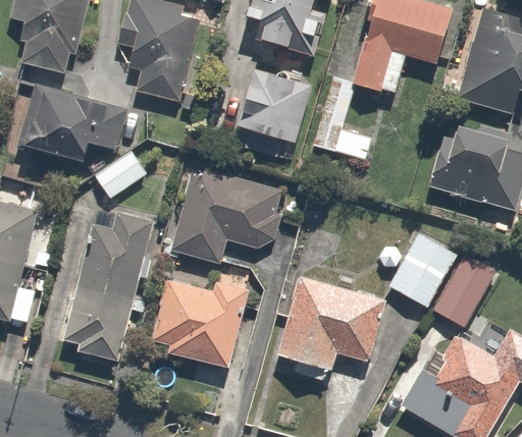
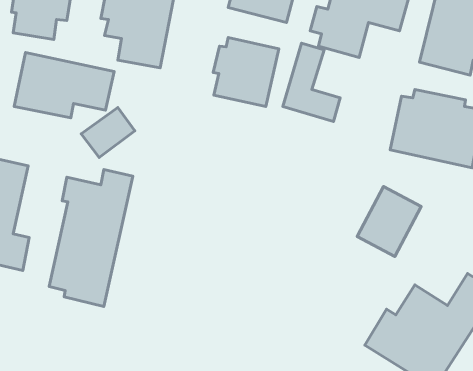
building: [173,171,291,261] -> none
building: [433,254,498,326] -> none
building: [153,266,251,365] -> none
building: [276,276,384,381] -> none

